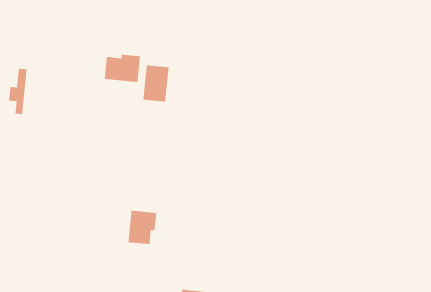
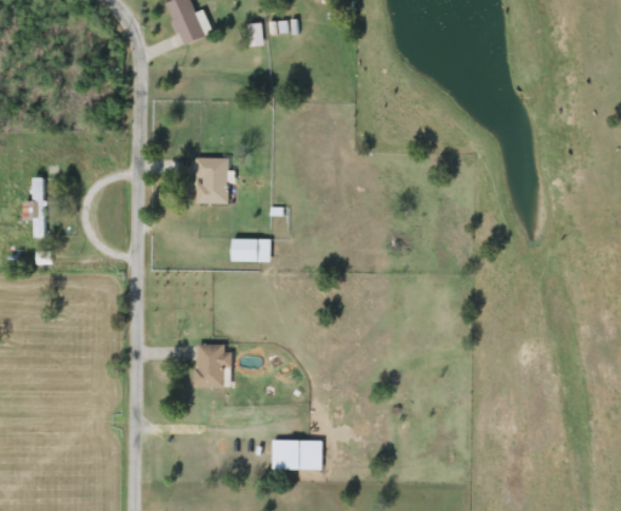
building: [104,54,141,83] -> none
building: none -> [230,238,270,262]

